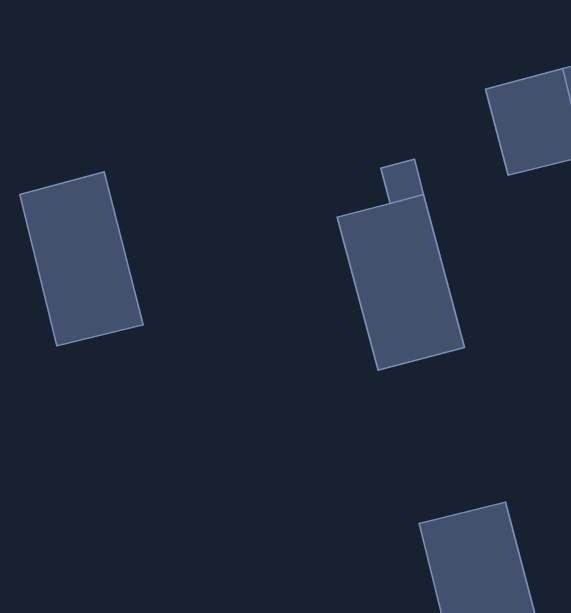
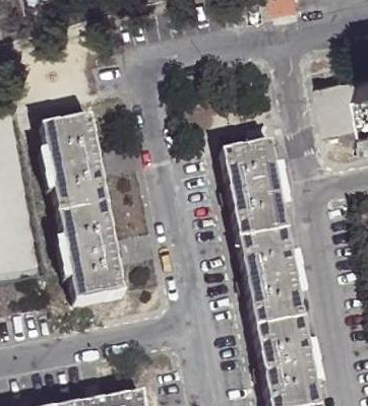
building: none -> [58,207,125,307]
building: none -> [240,230,308,329]

